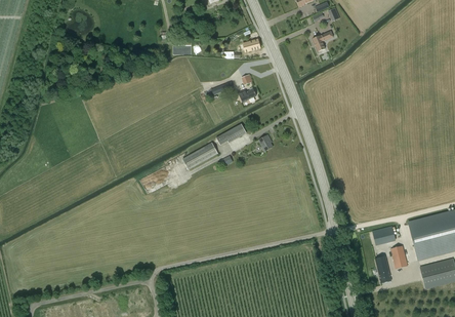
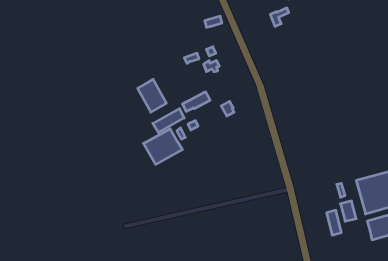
building: none -> [138,79,166,112]
building: none -> [143,129,182,164]

